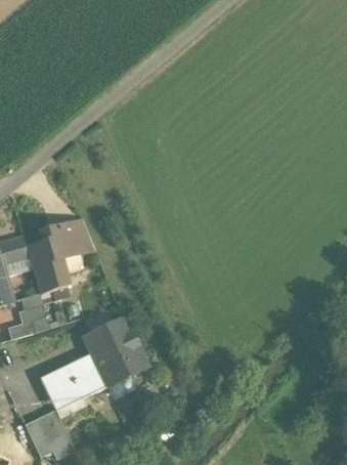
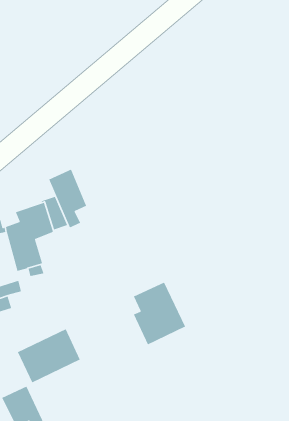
building: none -> [48,169,87,229]
building: [91,318,146,384] -> [133,281,186,346]

